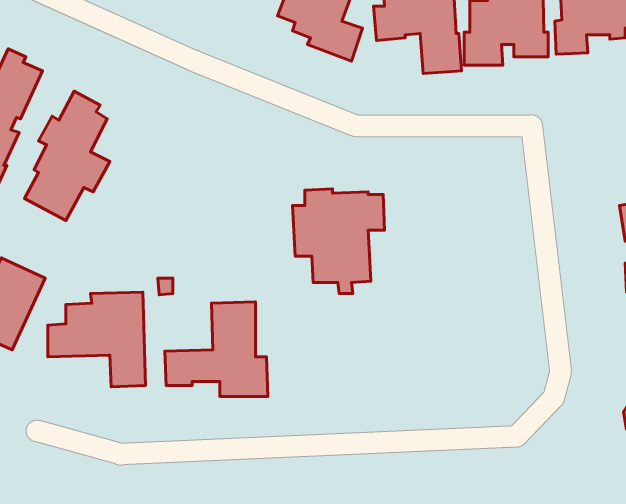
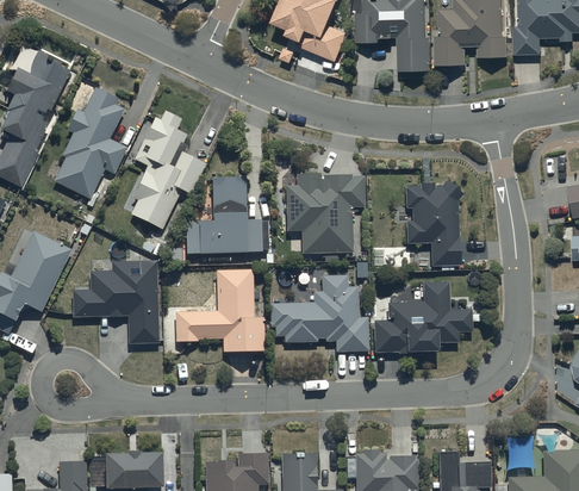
building: none -> [130,111,206,230]
building: none -> [185,176,268,254]
building: none -> [405,181,462,271]
building: none -> [269,275,368,350]
building: none -> [373,281,472,354]

